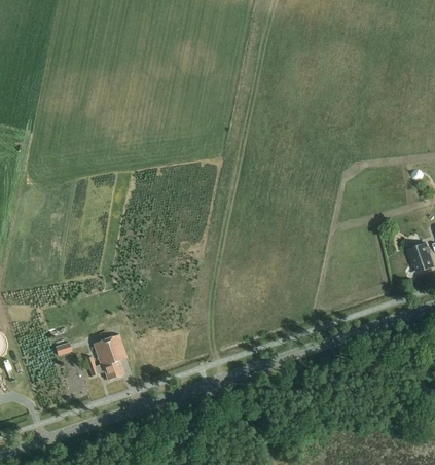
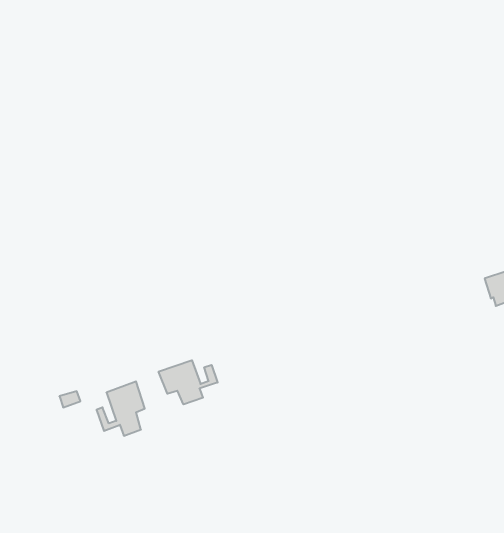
building: none -> [159,360,218,404]

